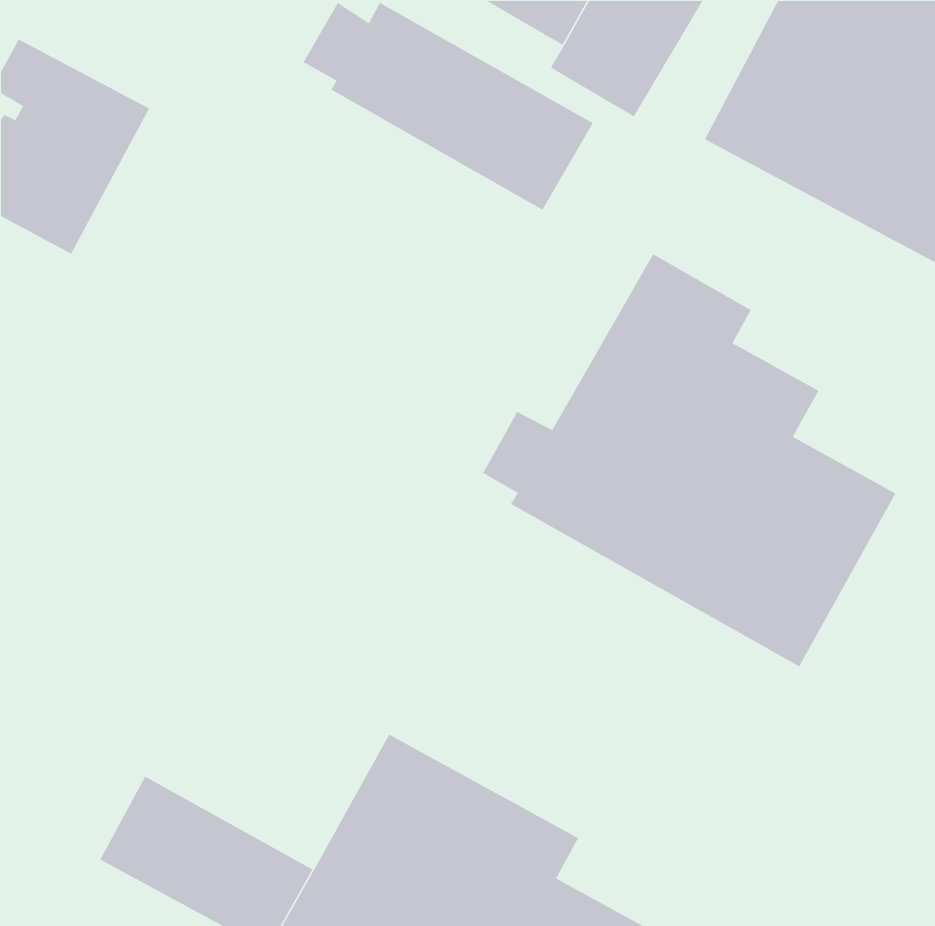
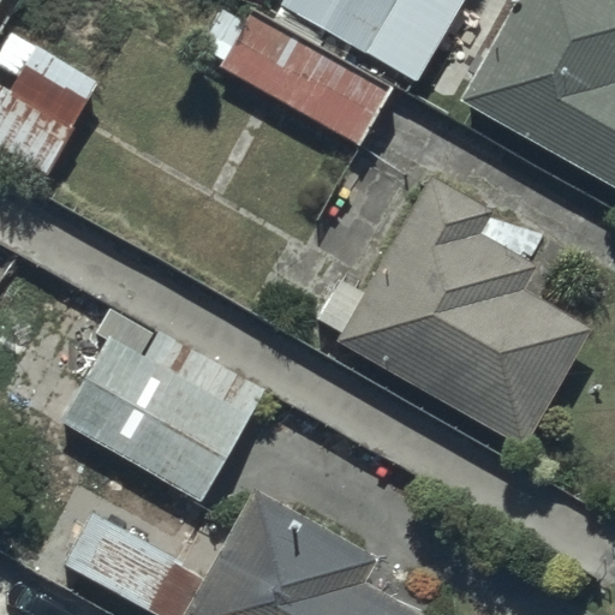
building: none -> [59,333,263,502]

